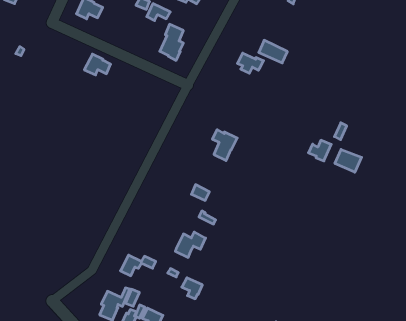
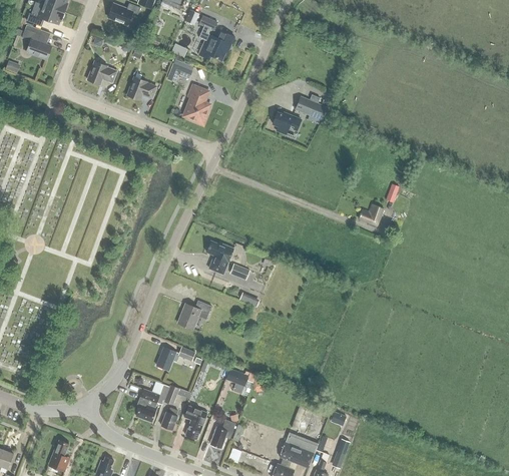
building: [84,54,111,75] -> [126,76,155,99]
building: [212,130,237,161] -> [205,240,233,274]
building: [335,149,362,172] -> none
building: [175,232,206,257] -> [177,300,210,329]

